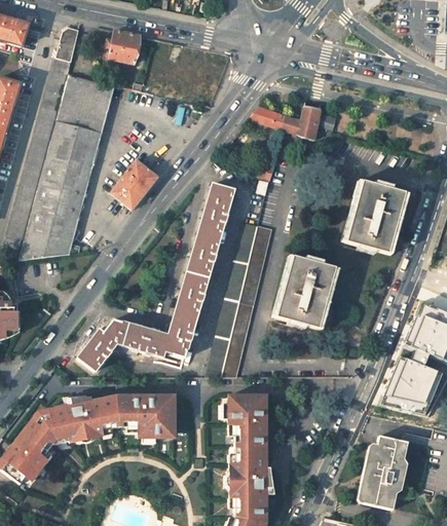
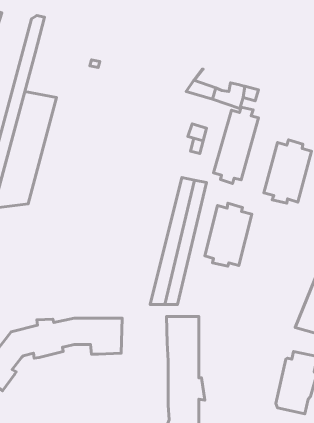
building: [108,30,143,63] -> none
building: [57,73,107,126] -> none
building: none -> [213,107,259,183]
building: [112,160,158,209] -> none
building: [79,184,235,371] -> none

